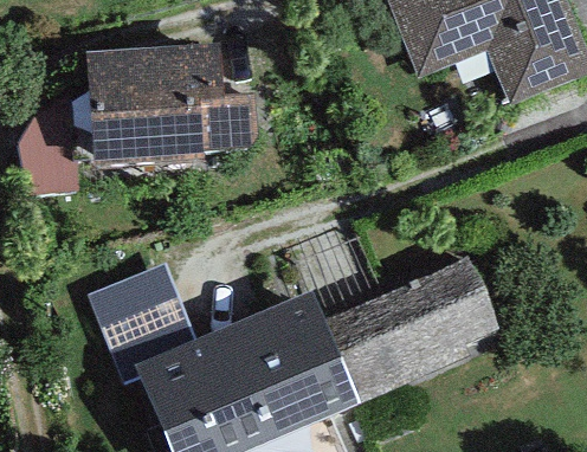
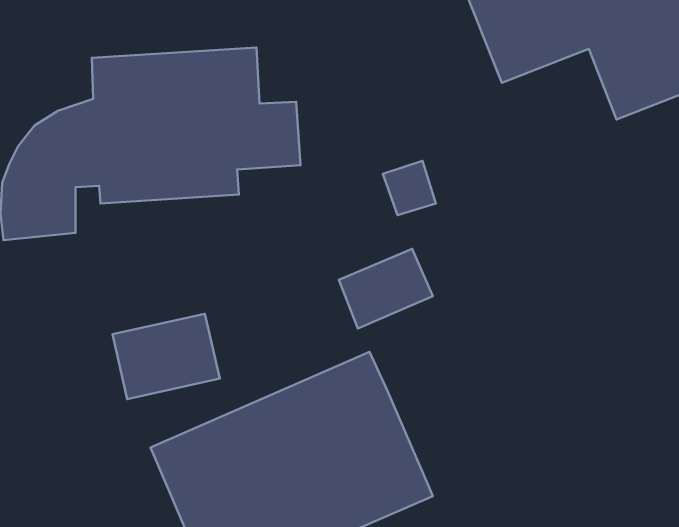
building: [325,261,495,399] -> none

